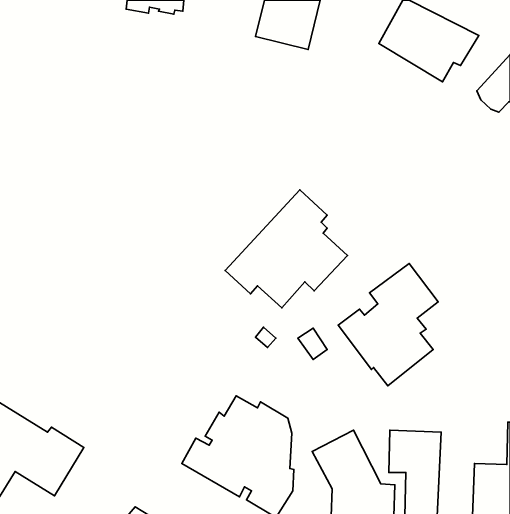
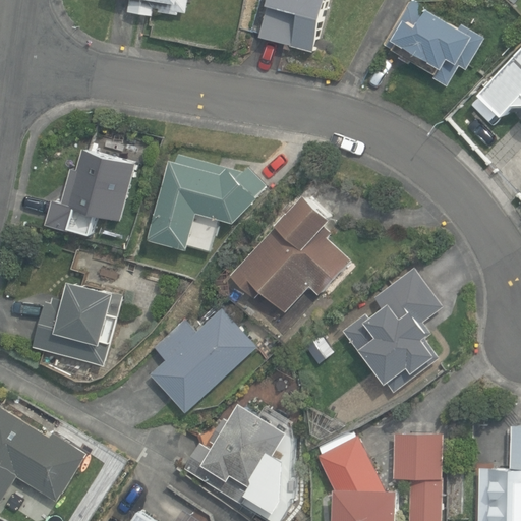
building: none -> [44,149,135,231]
building: none -> [150,158,266,251]
building: none -> [32,282,122,366]
building: none -> [149,308,255,413]

